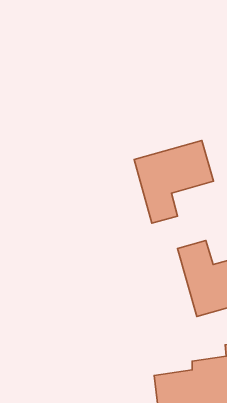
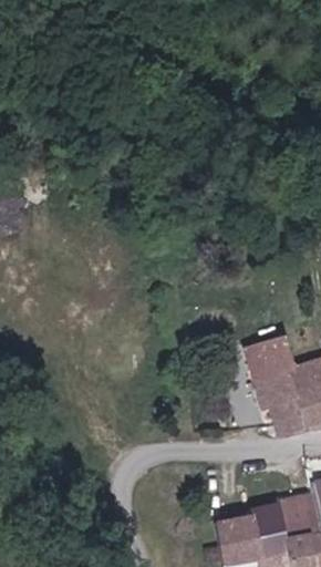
building: [134,141,213,223] -> none

